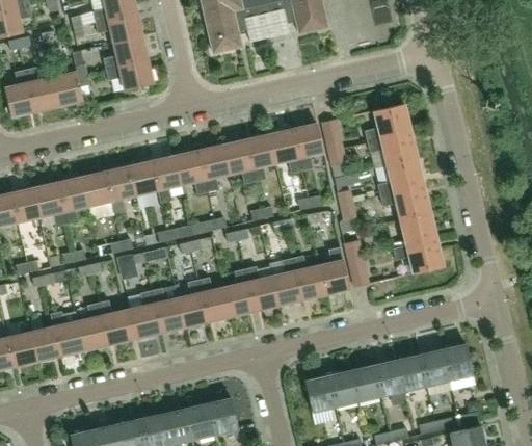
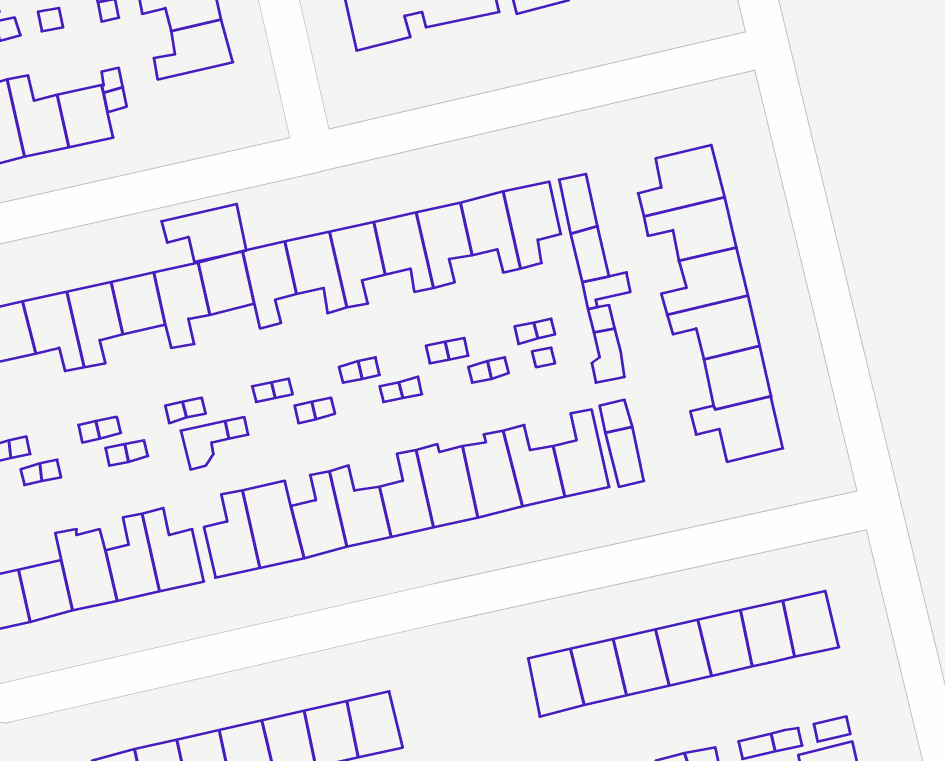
building: [106,59,152,90] -> [161,204,246,262]

